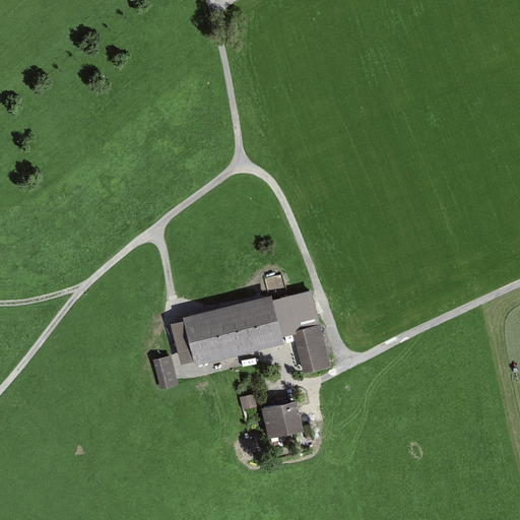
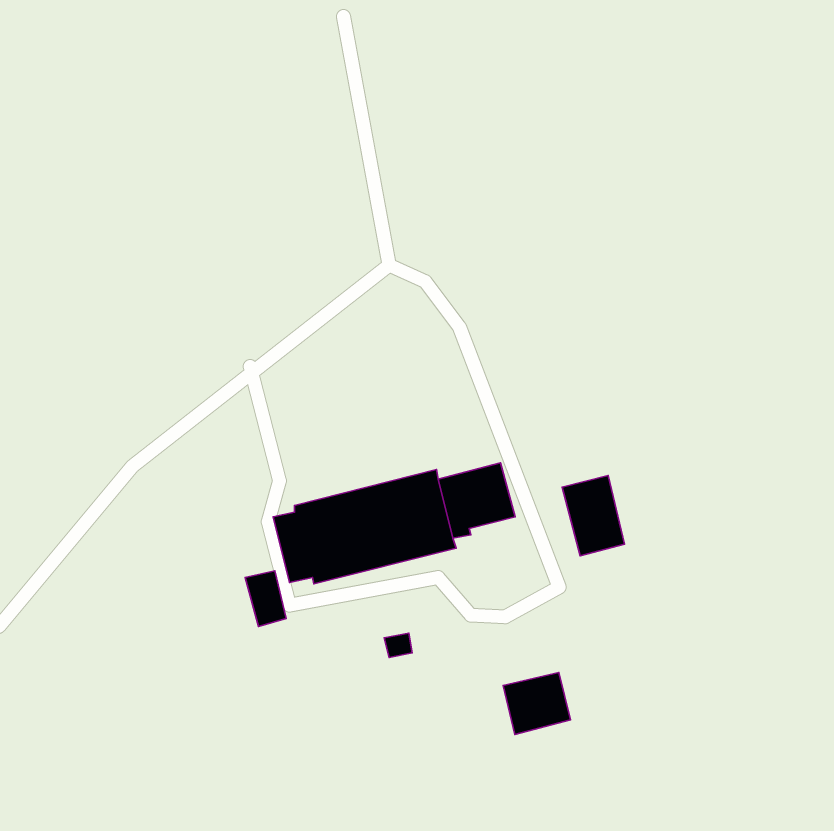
building: [291,324,330,374] -> [562,476,624,556]
building: [261,400,303,439] -> [503,672,570,735]

